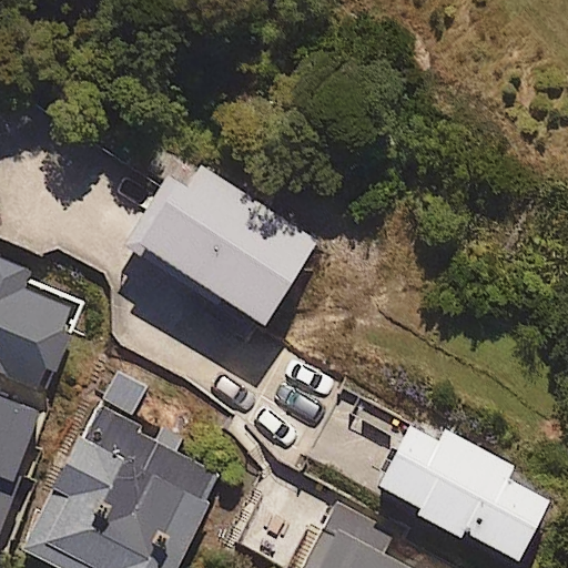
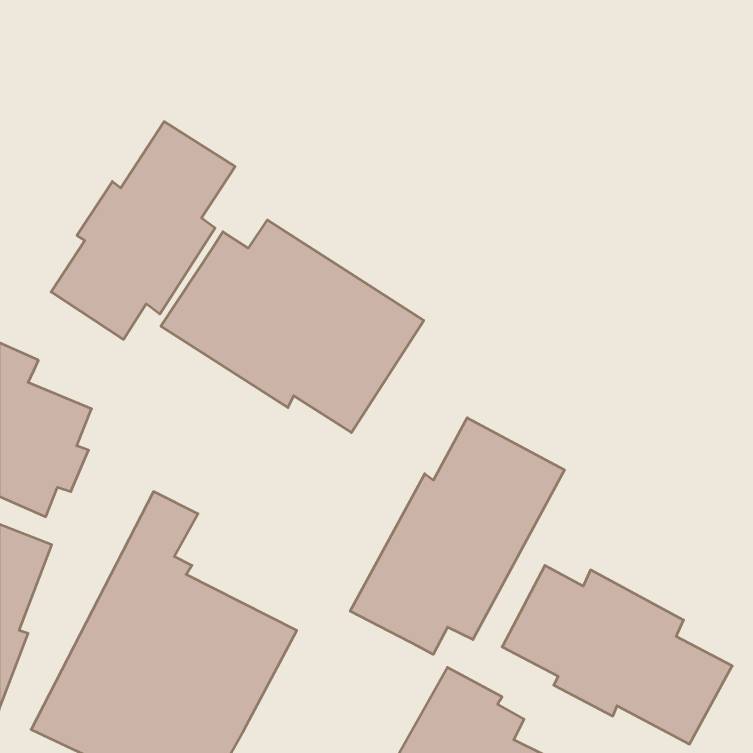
building: none -> [51,122,235,339]
building: none -> [350,418,564,654]

